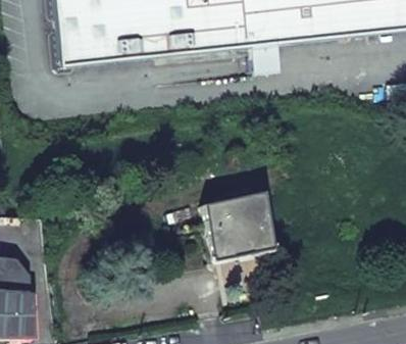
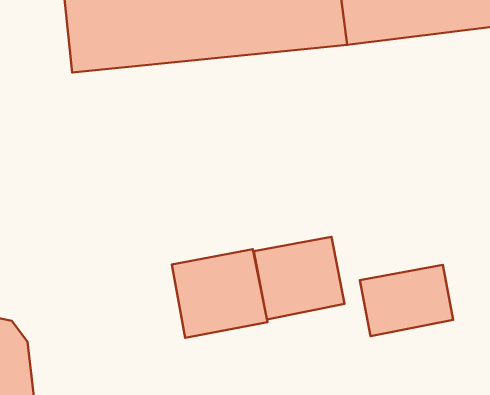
building: none -> [172,249,267,338]
building: none -> [360,265,453,336]

